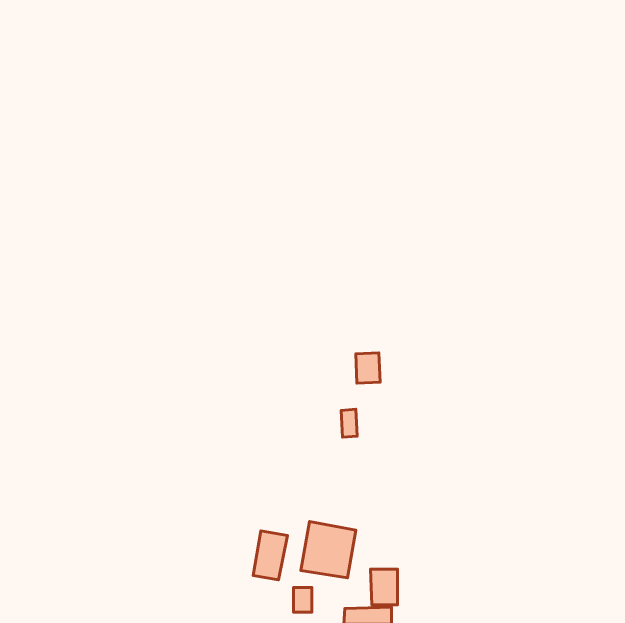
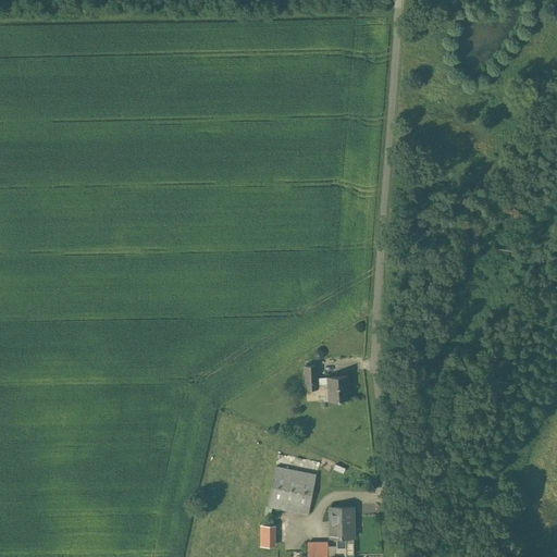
building: [356,353,380,383] -> [327,376,349,404]
building: [253,531,288,580] -> none

